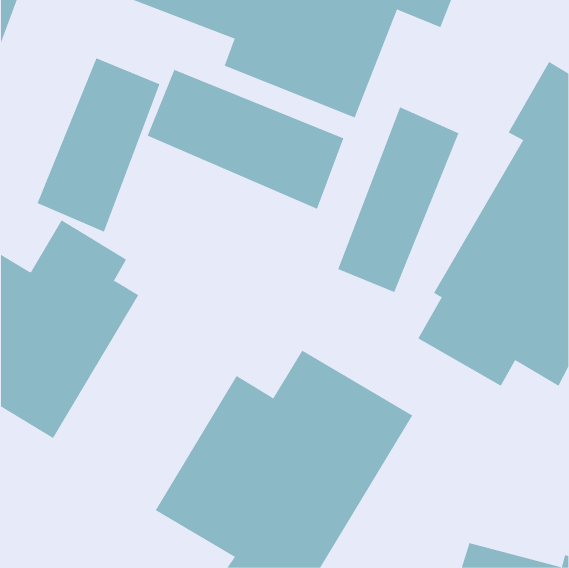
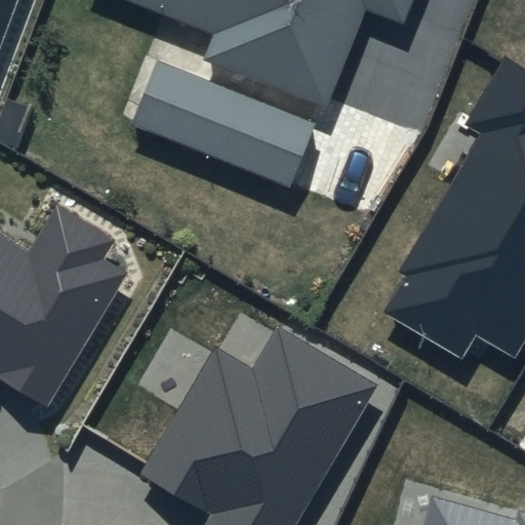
building: [37,58,160,233] -> none
building: [337,107,459,293] -> none

